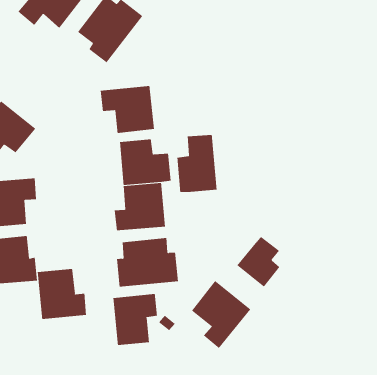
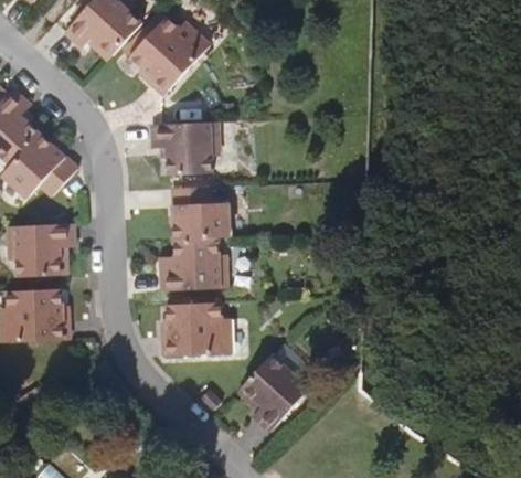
building: [177,134,217,193] -> none
building: [237,236,280,288] -> none
building: [37,268,87,320] -> none
building: [113,293,157,346] -> none

